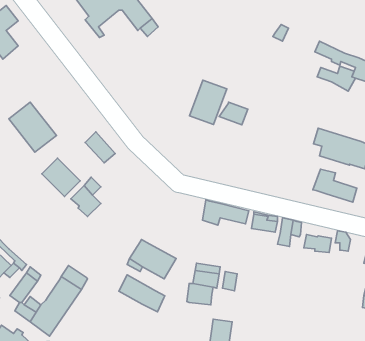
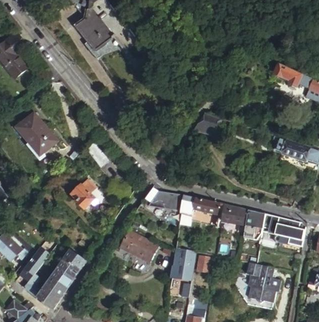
building: [189,80,227,125] -> none
building: [42,158,80,197] -> none
building: [313,169,357,202] -> none
building: none -> [145,185,184,215]
building: [119,275,165,312] -> none
building: none -> [246,261,278,308]

